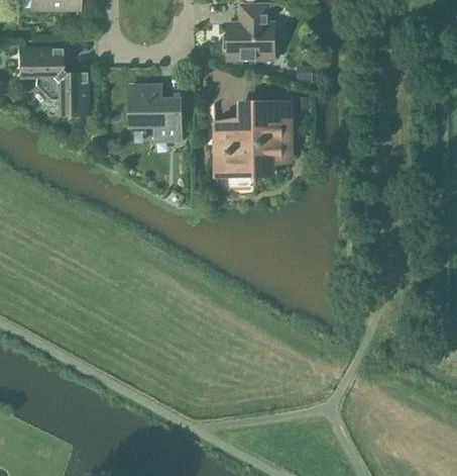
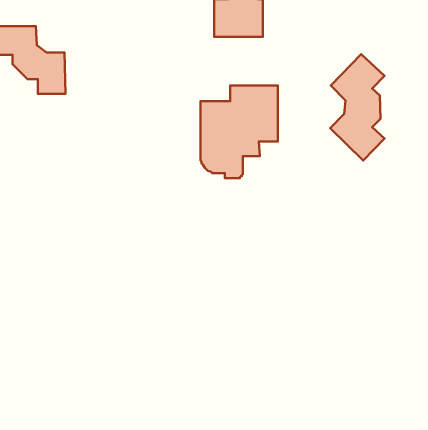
building: none -> [330,54,384,160]
building: [130,84,180,138] -> none

